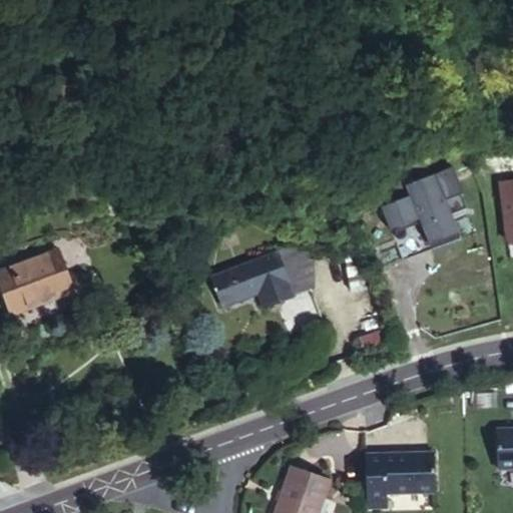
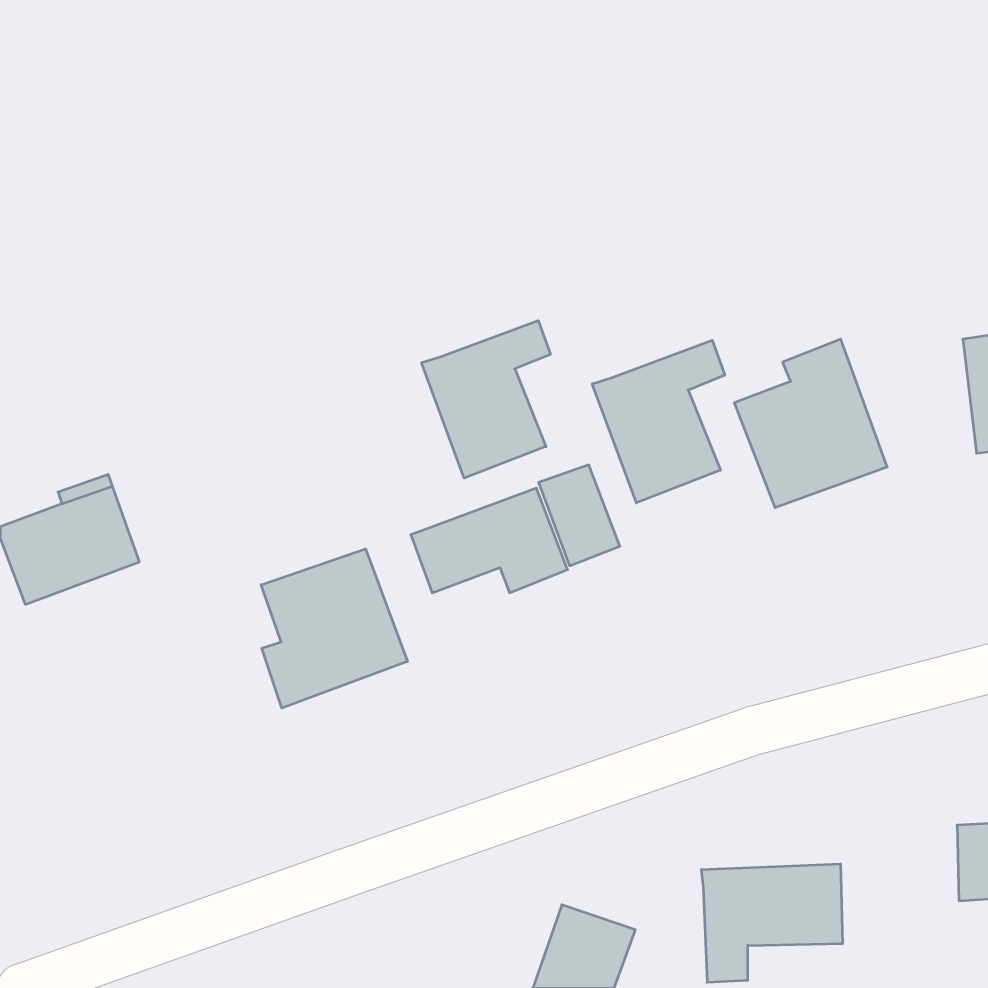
building: none -> [422,321,550,478]
building: none -> [592,340,725,503]
building: none -> [261,549,407,708]

